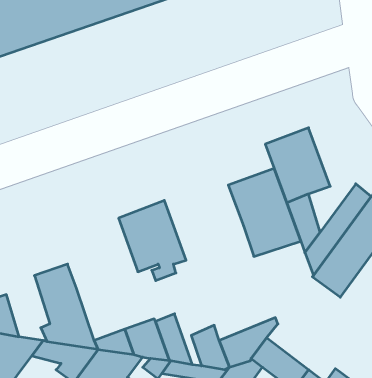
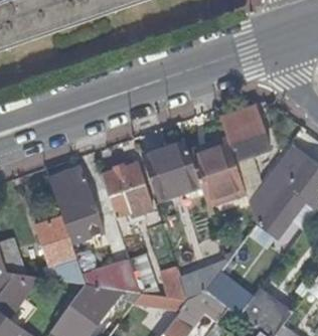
building: none -> [140,141,200,201]
building: none -> [48,166,103,233]

